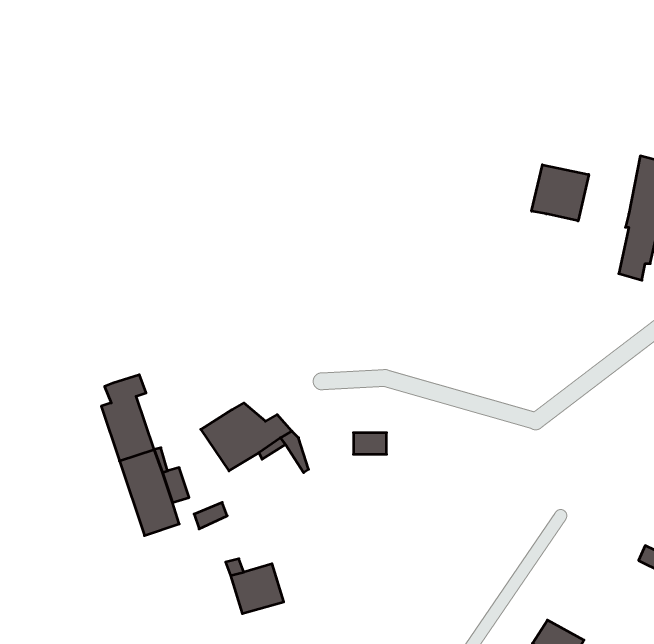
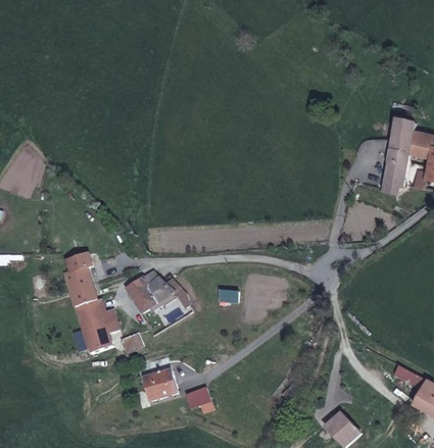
building: [532,165,589,221] -> none
building: none -> [185,387,214,414]

